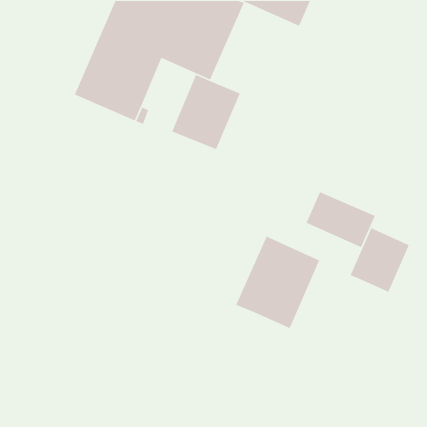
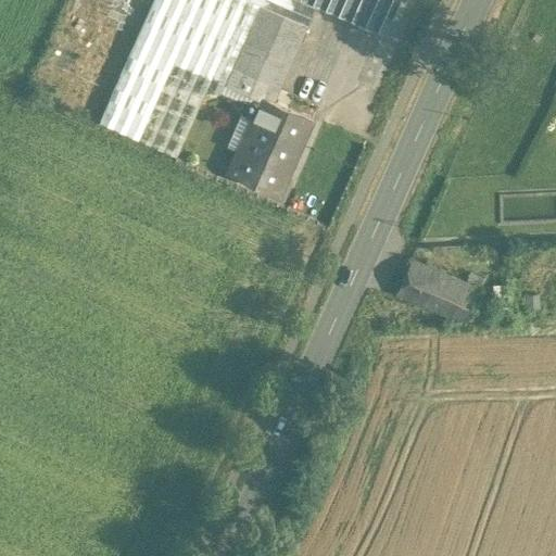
building: [349,227,410,293] -> none
building: [235,236,320,329] -> none

